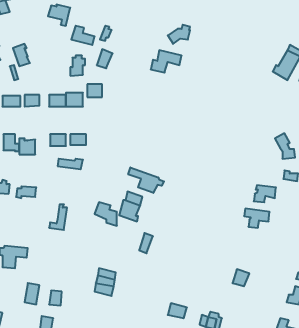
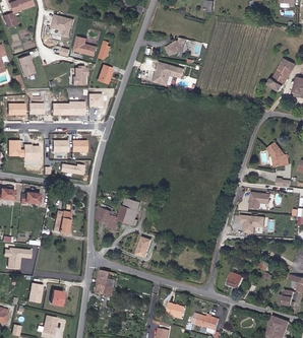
building: [128,167,164,193] -> none

